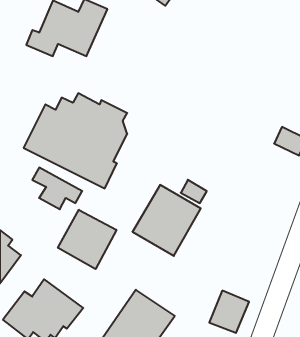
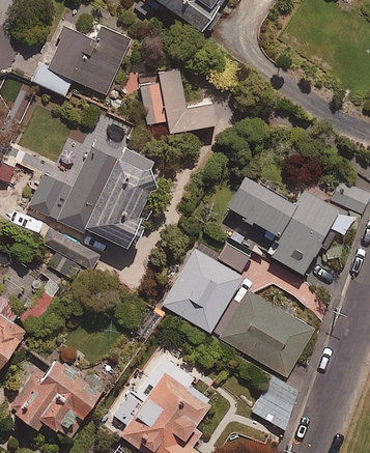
building: none -> [127,63,216,128]
building: none -> [227,177,354,275]
building: [58,210,116,269] -> none
building: none -> [219,288,314,375]

